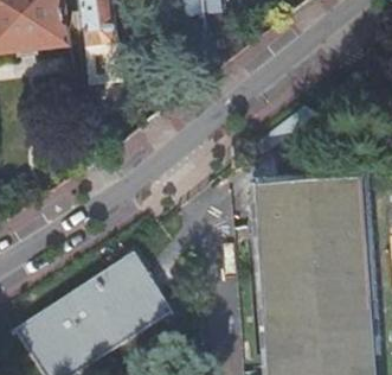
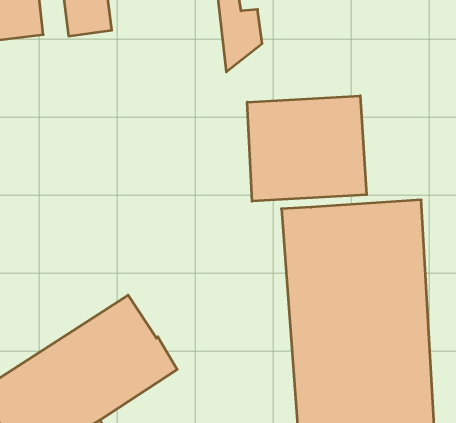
building: none -> [247,96,367,201]

